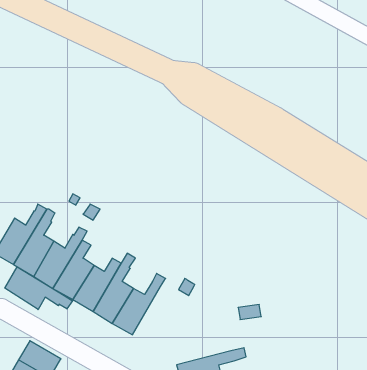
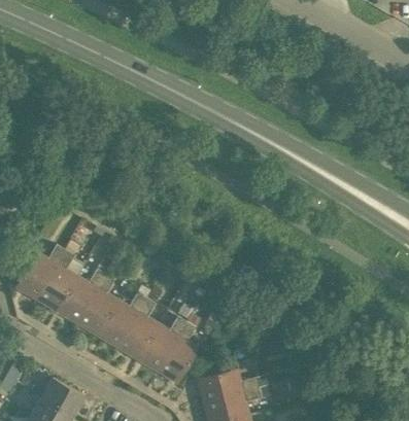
building: [5,267,73,310] -> none
building: none -> [157,321,199,383]
building: none -> [196,367,258,401]

